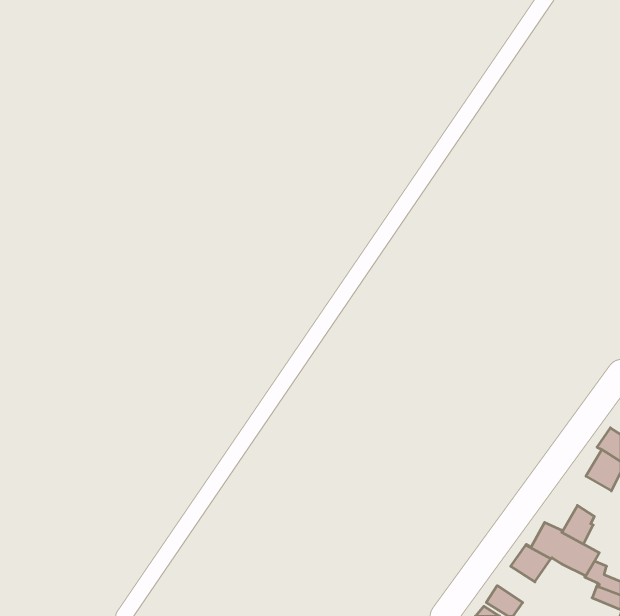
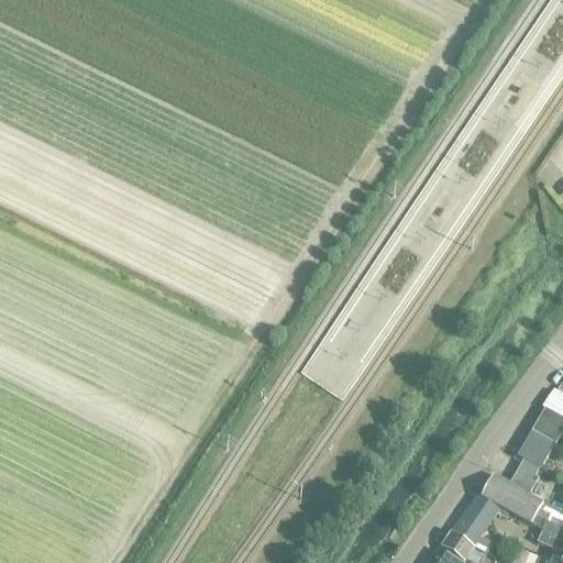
building: none -> [517,431,554,467]
building: none -> [452,512,493,551]

